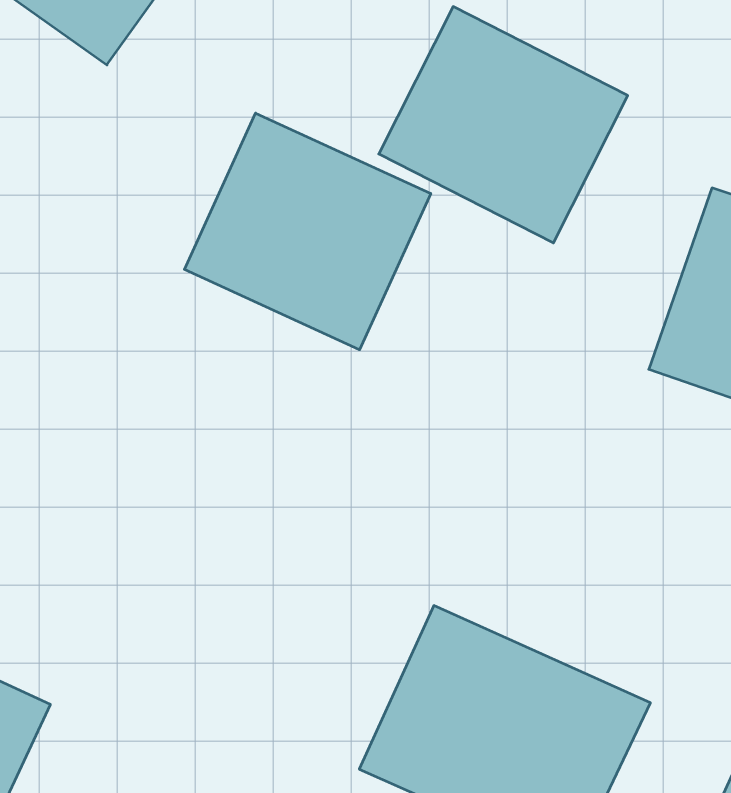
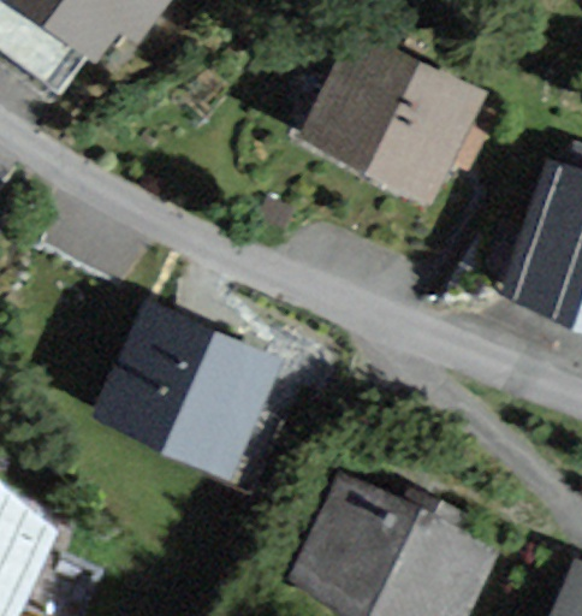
building: [184,113,431,350] -> none
building: none -> [97,302,286,482]

